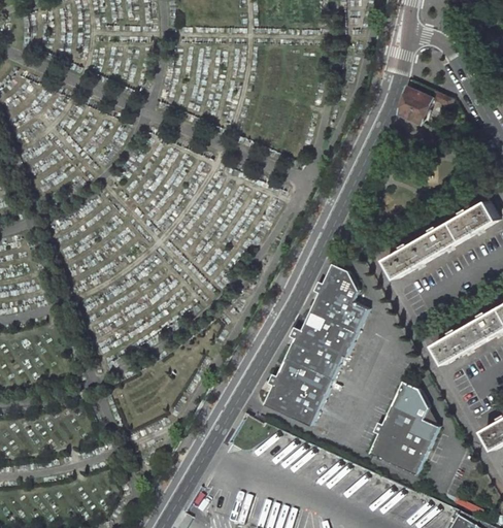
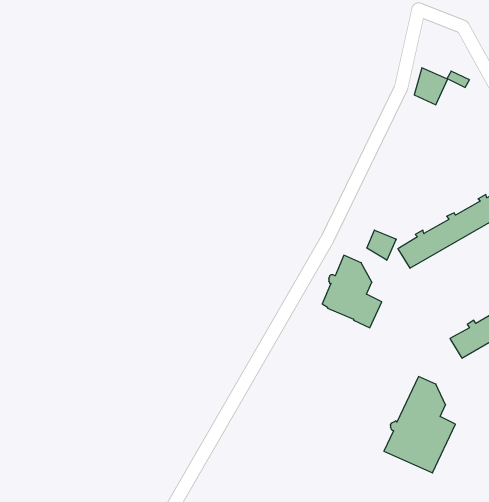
building: none -> [367,230,396,260]
building: [264,314,355,427] -> none

